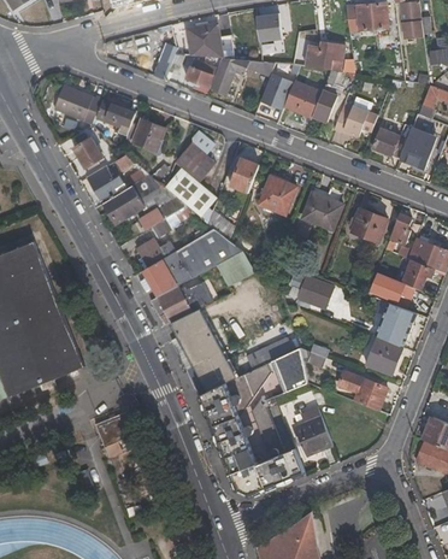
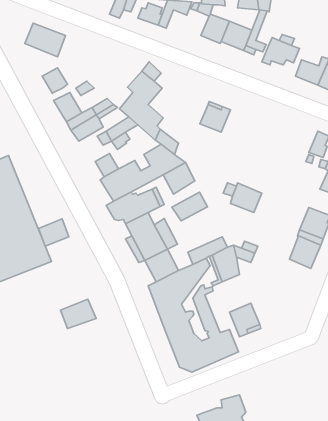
building: [94,99,136,134] -> none
building: [132,118,165,149] -> none
building: [230,157,258,193] -> none
building: [302,193,341,228] -> none
building: [349,208,387,241] -> none
building: [372,273,405,301] -> none
building: none -> [172,192,207,221]
building: none -> [39,219,69,246]
building: [338,370,388,410] -> none

